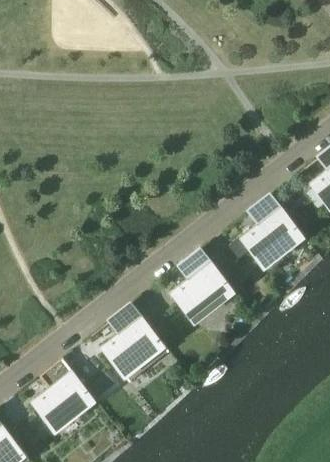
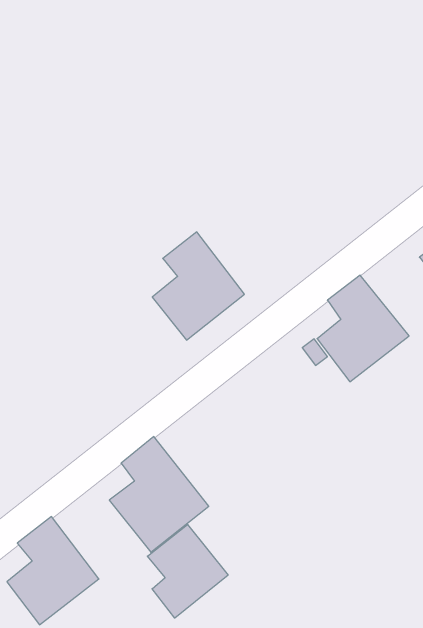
building: [171,249,233,322] -> [152,232,244,340]
building: none -> [147,524,228,618]

